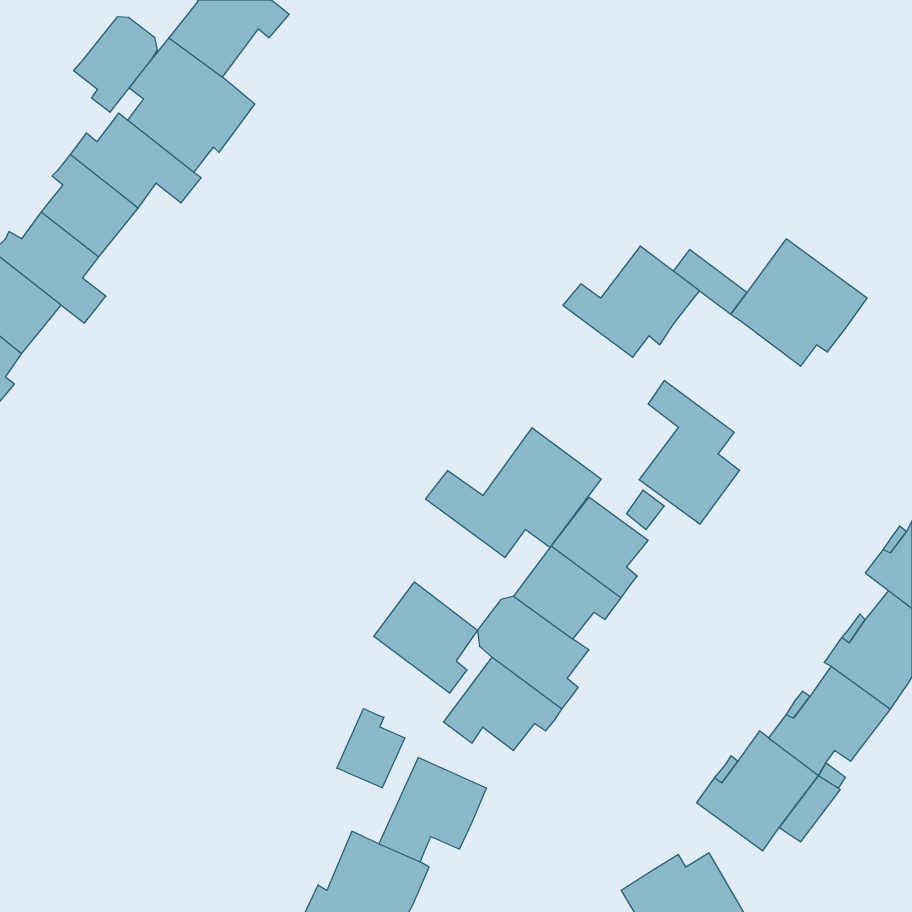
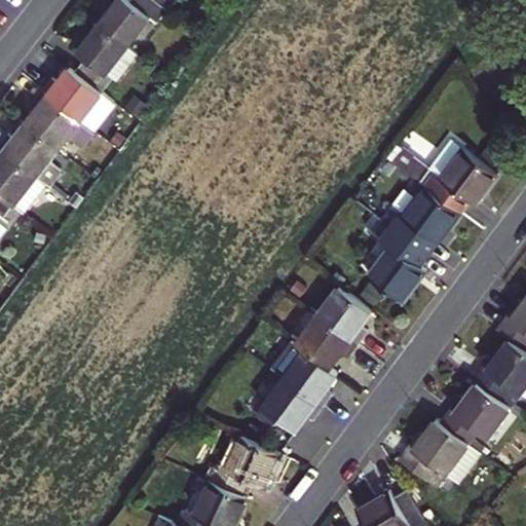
building: [74,17,157,112] -> none
building: [563,246,699,357] -> [380,187,458,251]
building: [425,428,601,558] -> none
building: [374,582,478,693] -> none
building: [337,709,405,788] -> none

